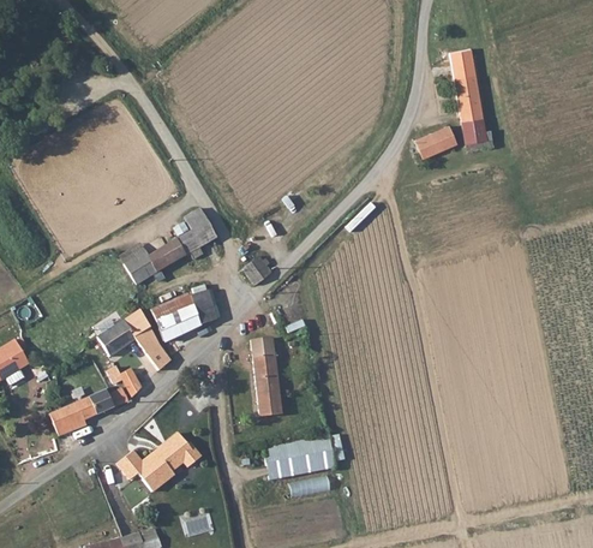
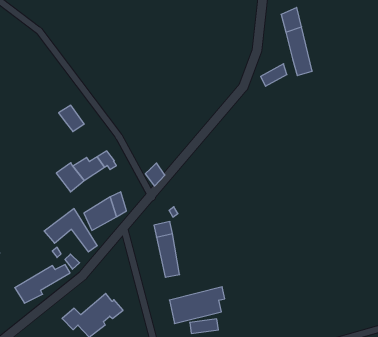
building: [182,208,217,245] -> [59,105,84,132]

